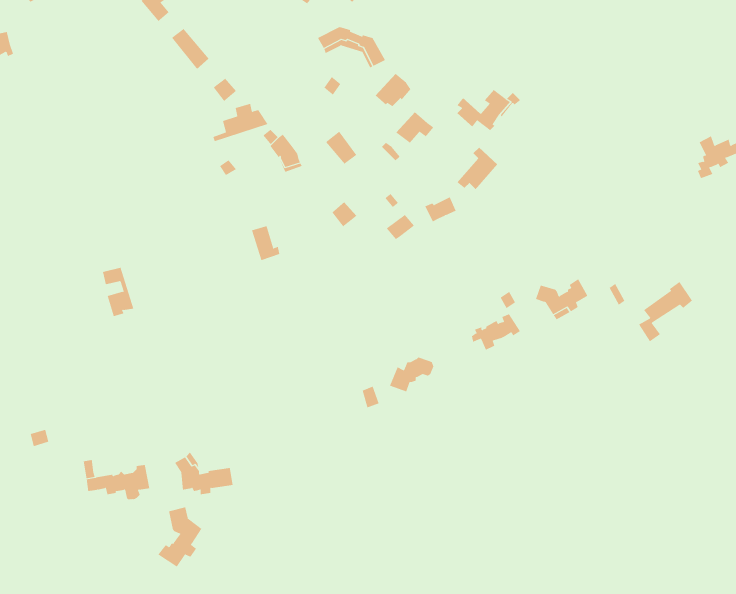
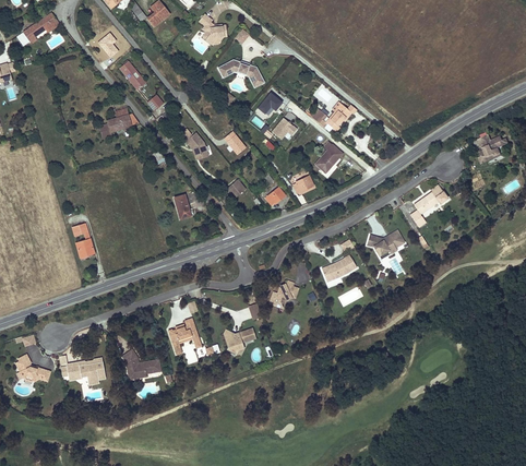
building: [212,103,269,142] -> [100,108,139,134]
building: [638,281,693,342] -> [409,184,446,226]
building: none -> [170,318,200,349]
building: none -> [223,328,255,353]
building: none -> [15,353,51,381]
building: [157,507,202,567] -> none

